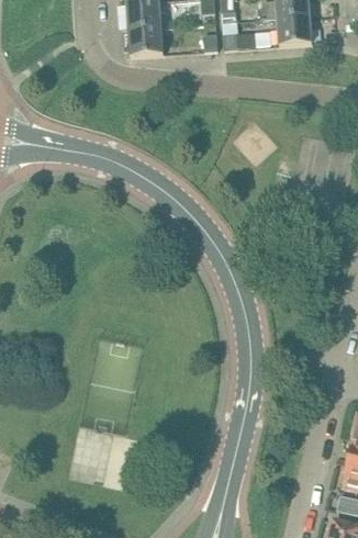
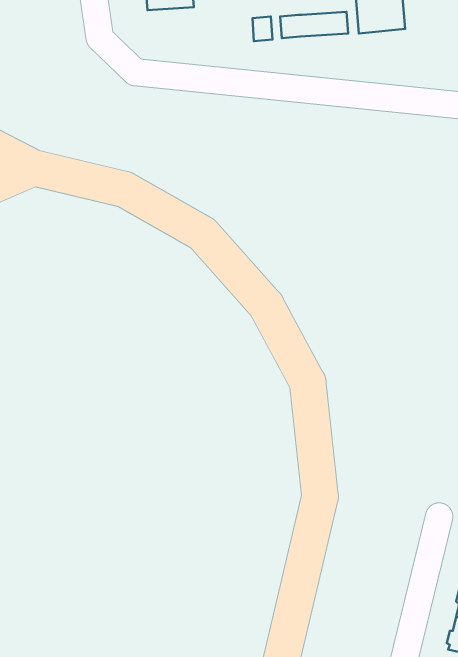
building: [128,25,163,55] -> none

